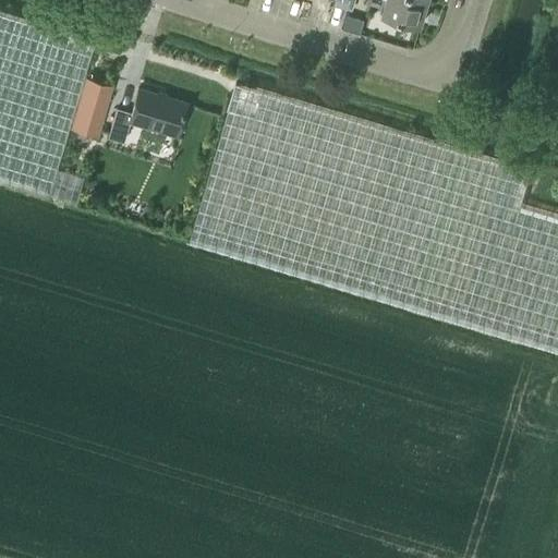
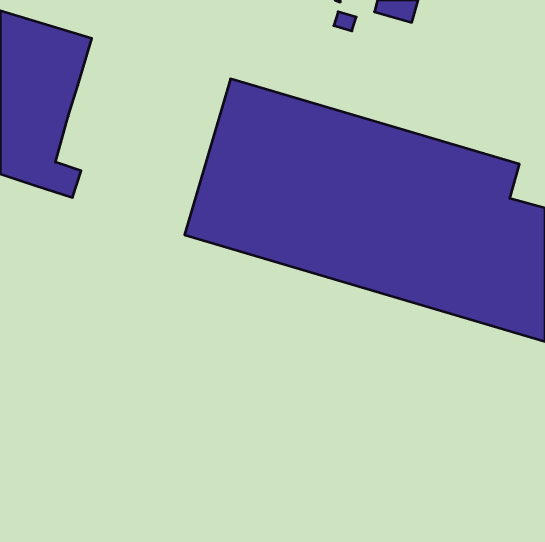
building: [70,81,110,134] -> none
building: [107,90,185,145] -> none

